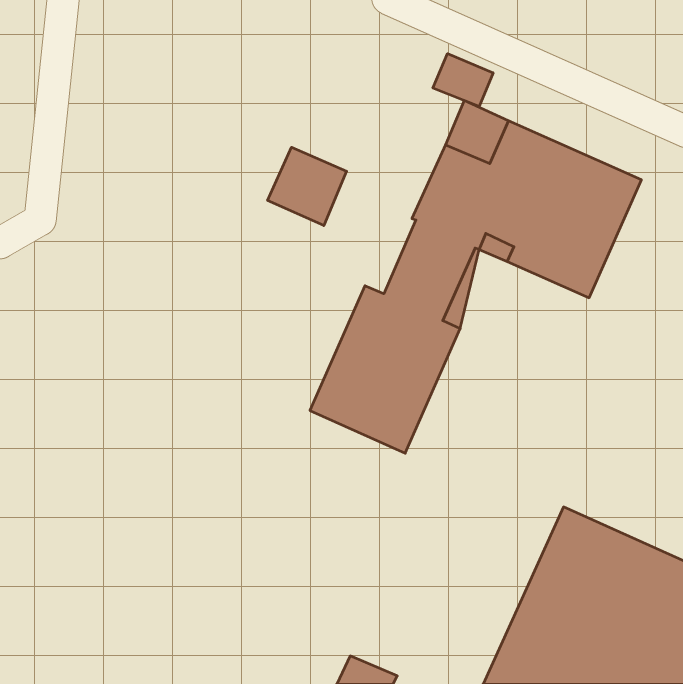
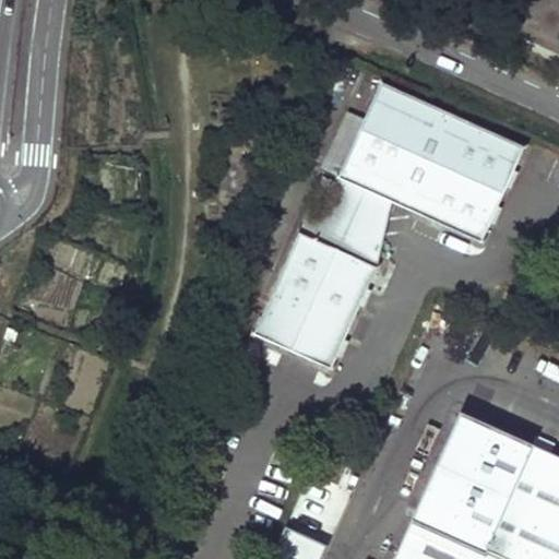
building: [433,54,493,107] -> none
building: [268,147,347,226] -> none

